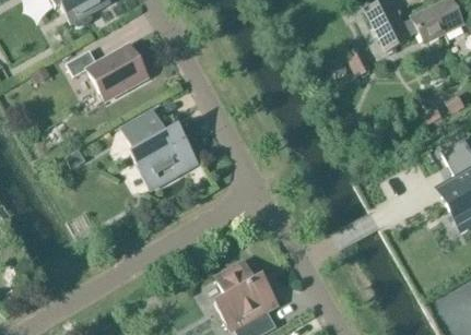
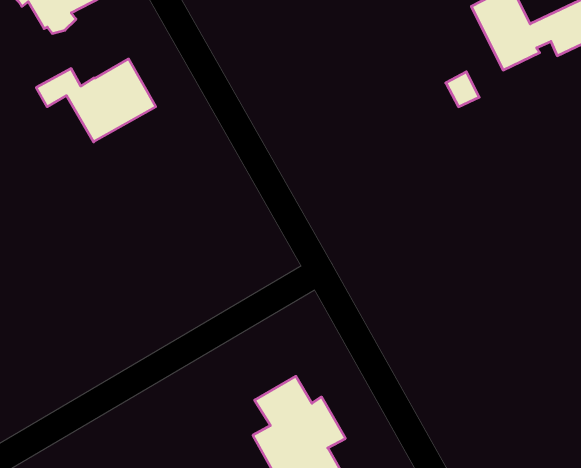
building: [120,110,197,189] -> none

